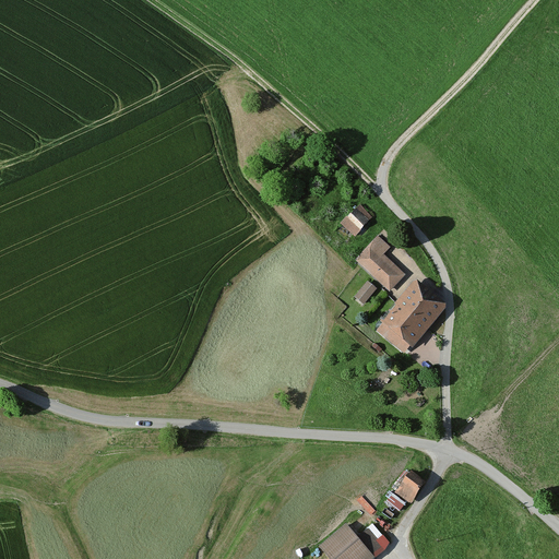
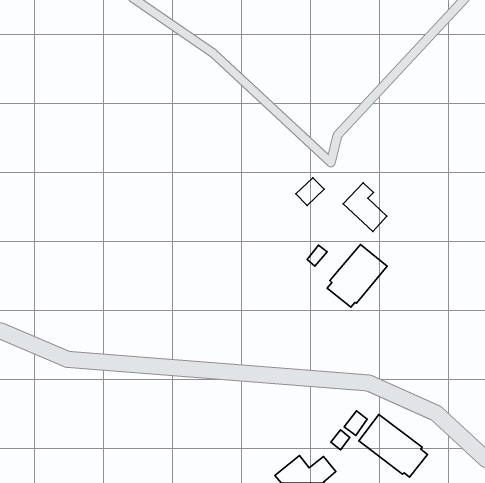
building: [355,236,405,292] -> [343,183,387,231]
building: none -> [359,415,428,477]

